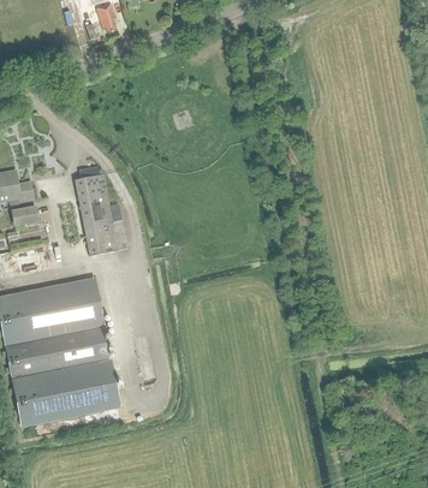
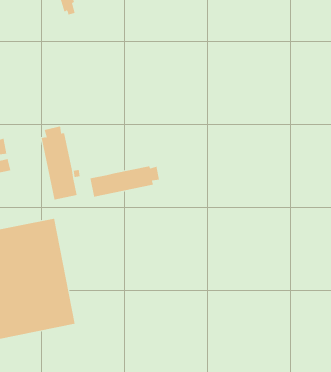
building: none -> [90,165,159,197]

